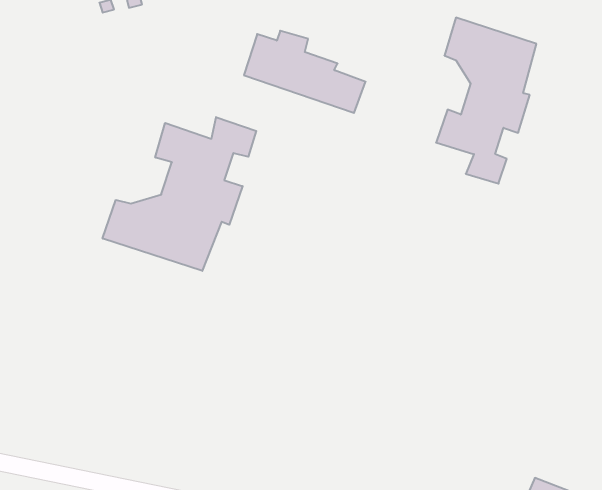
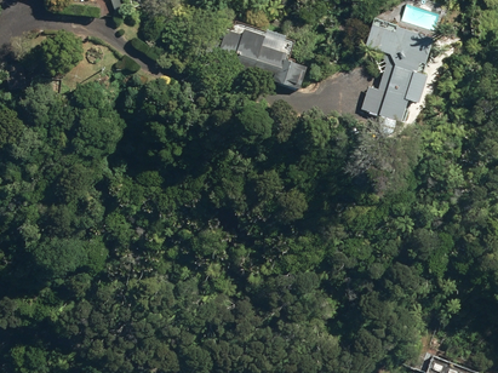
building: [103,117,256,271] -> none

